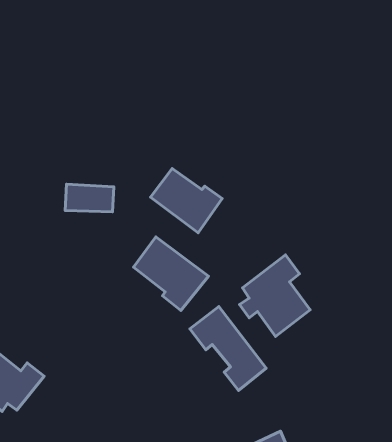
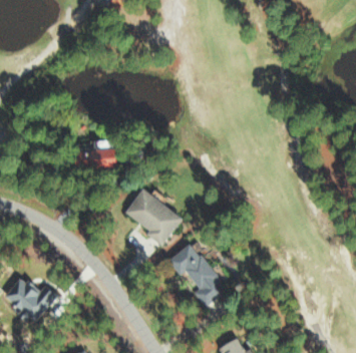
building: [150,169,222,233] -> none
building: [239,255,310,337] -> none

